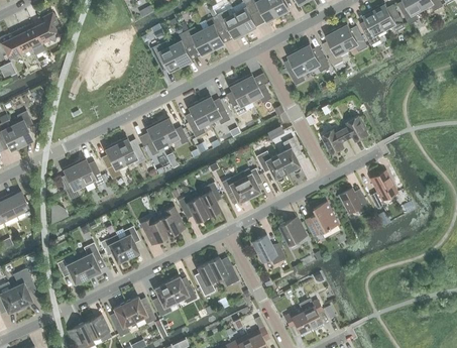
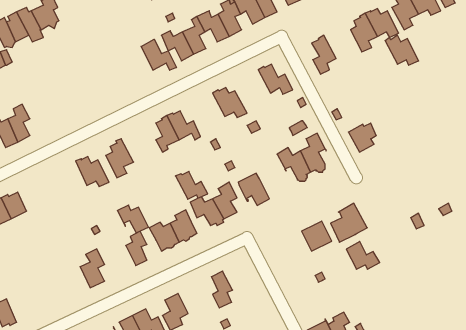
building: [299,44,329,72] -> [385,35,419,65]
building: none -> [141,39,176,70]
building: [226,81,250,116] -> none
building: [185,102,209,137] -> none
building: [341,117,368,142] -> none
building: [115,139,144,164] -> [175,171,208,199]
building: [60,163,84,200] -> none
building: [237,166,262,198] -> none
building: [369,171,396,210] -> none
building: [339,189,369,214] -> [346,241,380,269]
building: [251,236,285,265] -> none
building: [100,238,128,263] -> [117,205,149,233]
building: [207,257,239,287] -> none
building: [56,259,87,284] -> none
building: [11,268,33,310] -> none
building: [166,277,196,304] -> none

